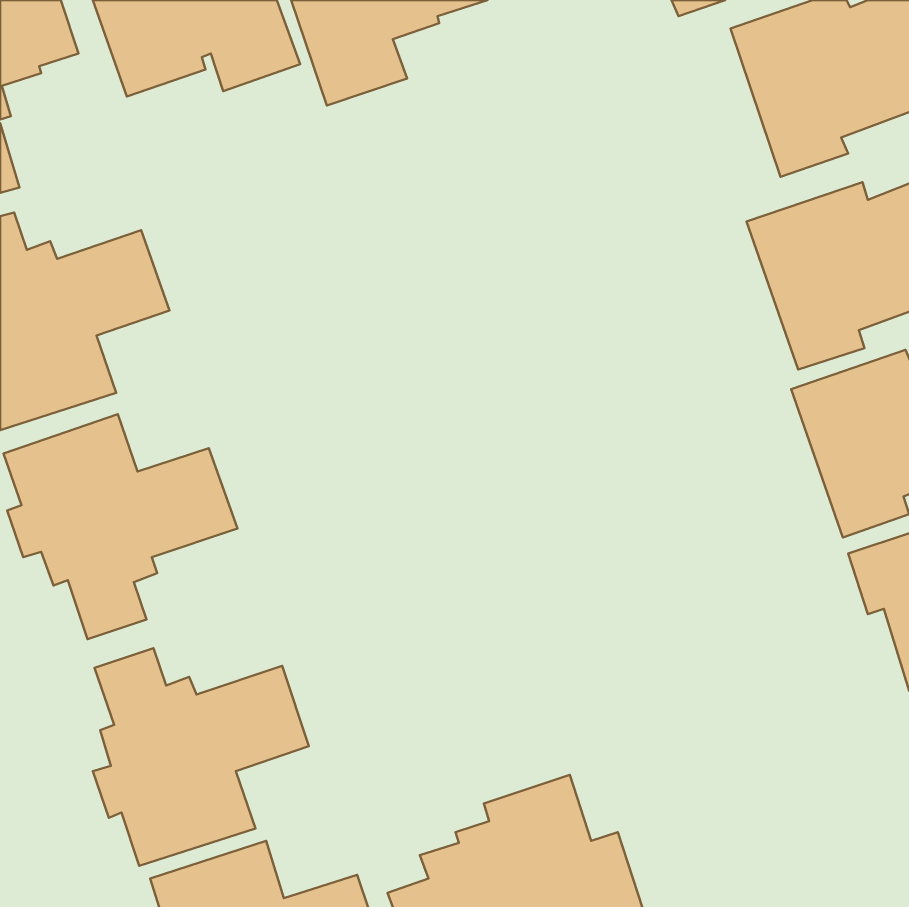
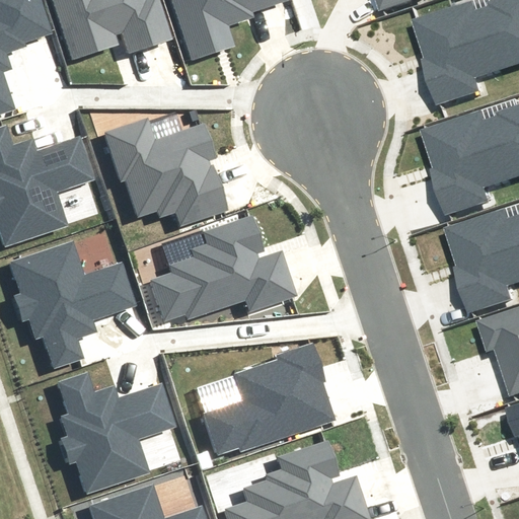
building: none -> [102,118,225,223]
building: none -> [147,218,291,326]
building: none -> [200,346,333,456]

